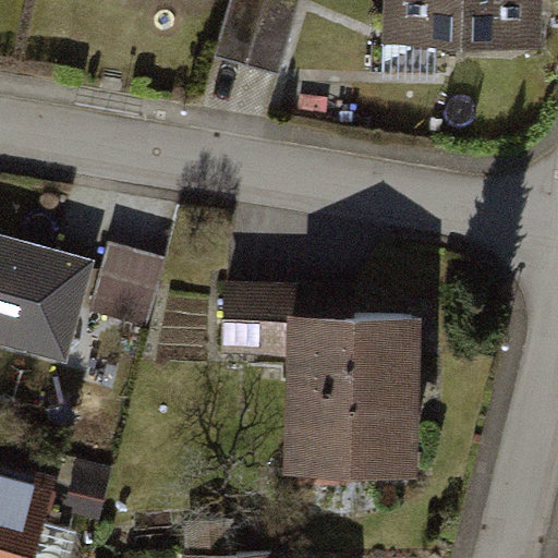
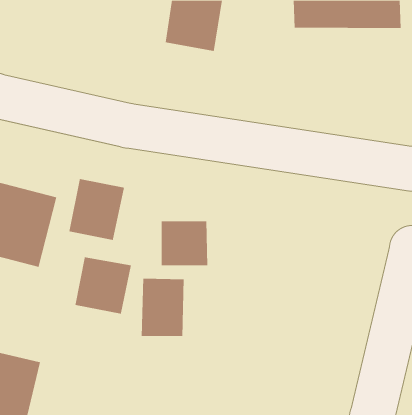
building: [289,319,414,470] -> none
building: none -> [75,256,131,315]
building: none -> [141,278,184,337]

